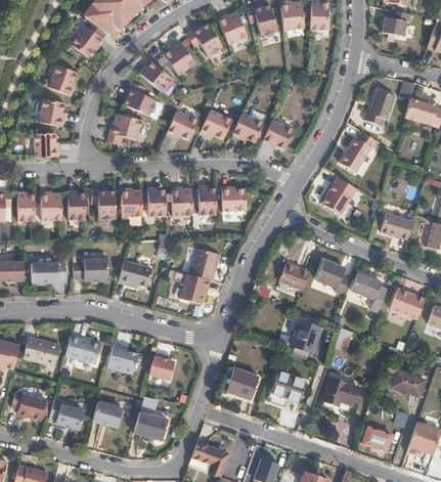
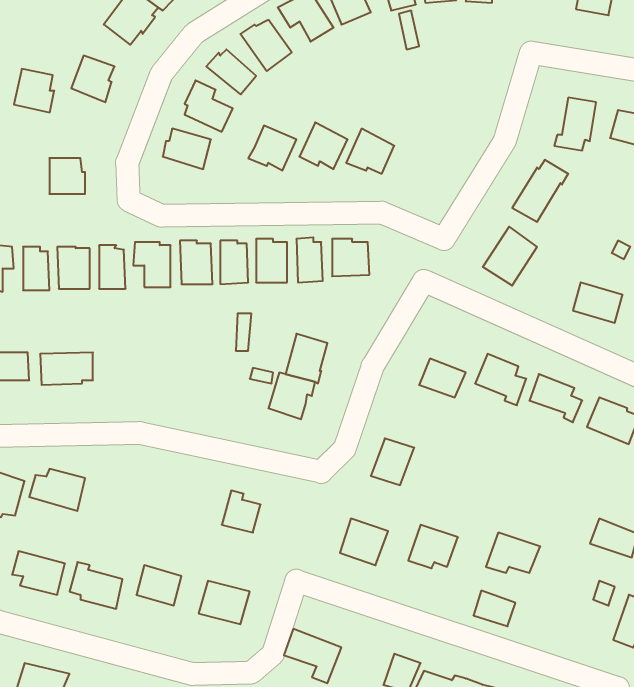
building: [39,97,65,126] -> [14,69,54,112]
building: [261,121,293,149] -> none
building: [72,257,106,279] -> none
building: [117,259,151,284] -> none
building: [291,321,319,352] -> [371,438,414,485]
building: [64,334,100,362] -> none
building: [107,340,138,367] -> none
building: [361,428,389,451] -> [473,591,515,626]

